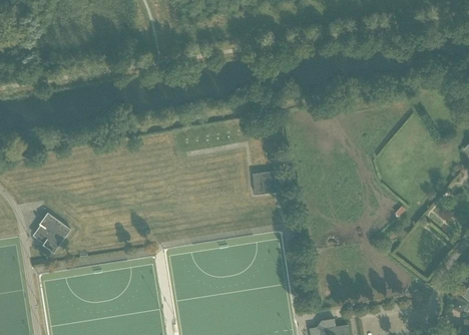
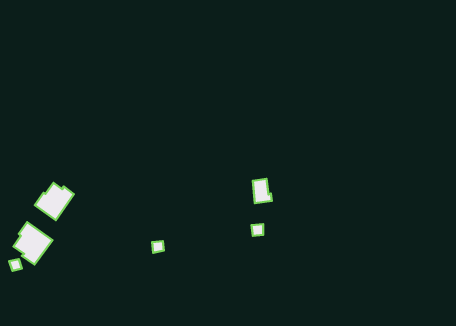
building: none -> [35,183,74,220]

